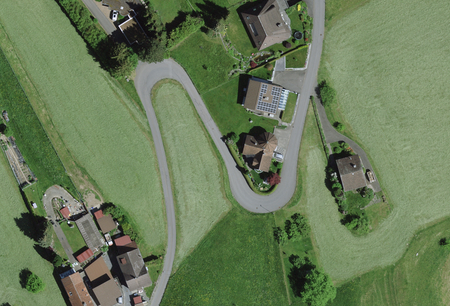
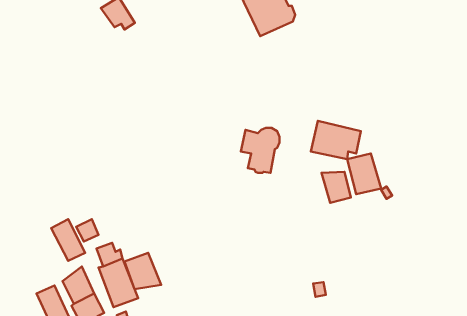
building: [244,80,288,114] -> [311,121,361,159]
building: none -> [322,172,351,203]
building: none -> [124,253,161,289]

